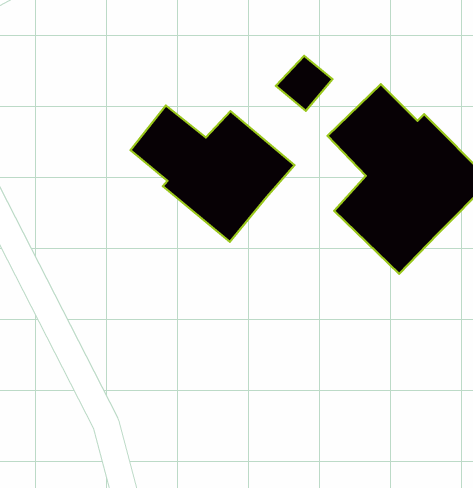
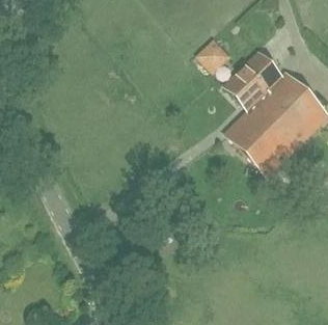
building: [131,106,294,242] -> none

